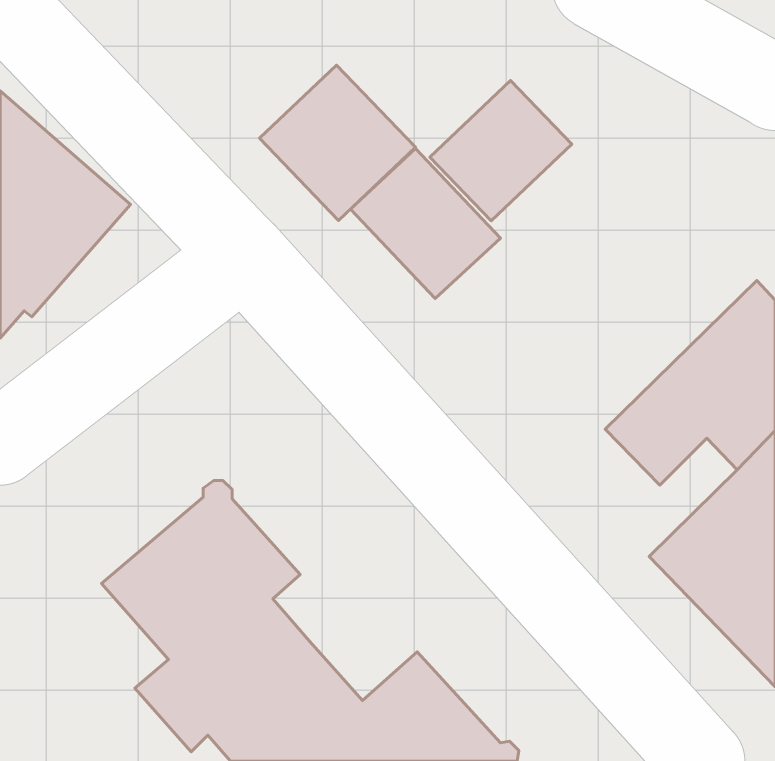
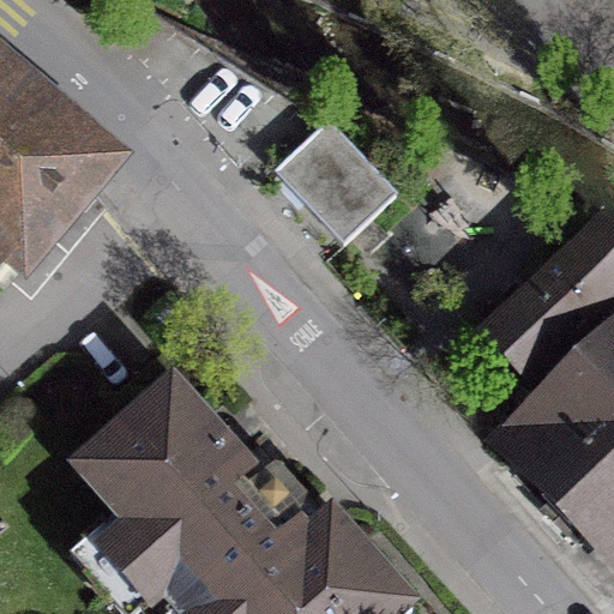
building: [259,65,416,220] -> none
building: [430,81,572,221] -> none

